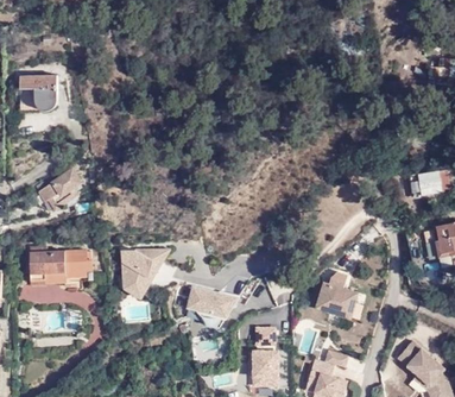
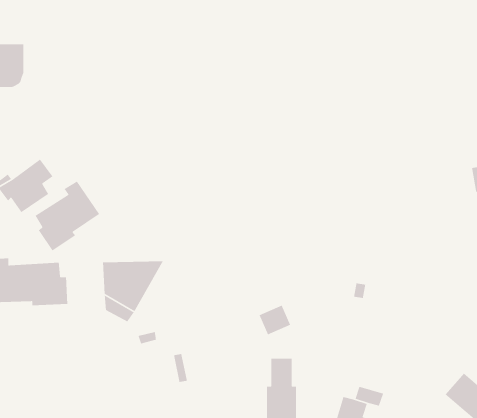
building: none -> [34,180,100,252]
building: [315,282,356,317] -> none
building: [185,285,236,319] -> none

